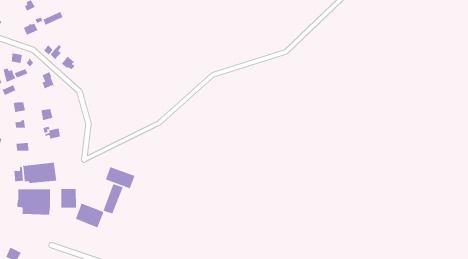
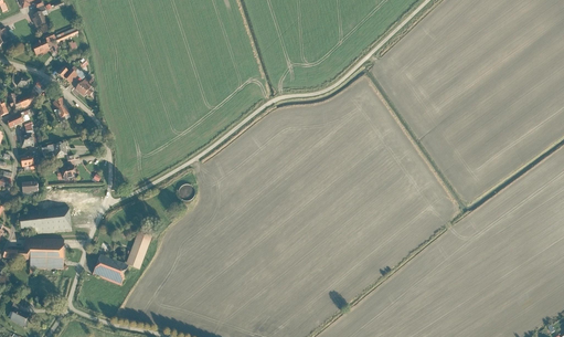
building: [105,166,135,189] -> none
building: [61,188,77,209] -> none

